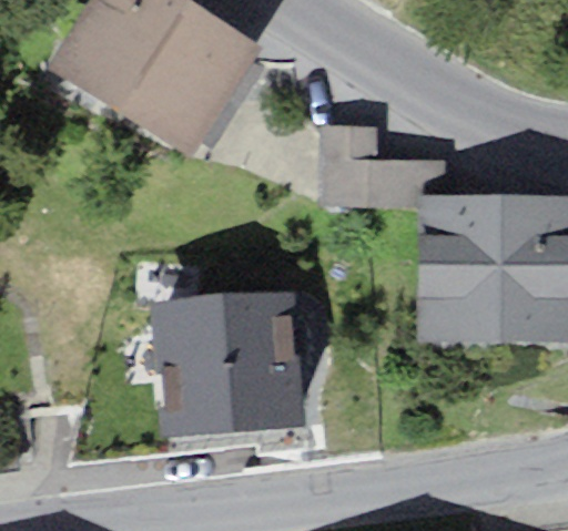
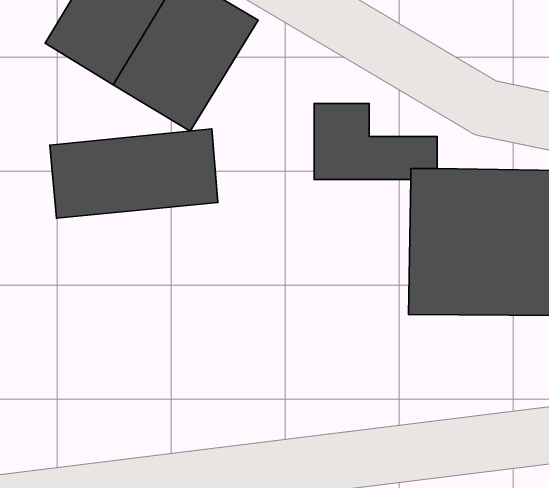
building: none -> [50,129,218,218]
building: [153,295,304,440] -> none

